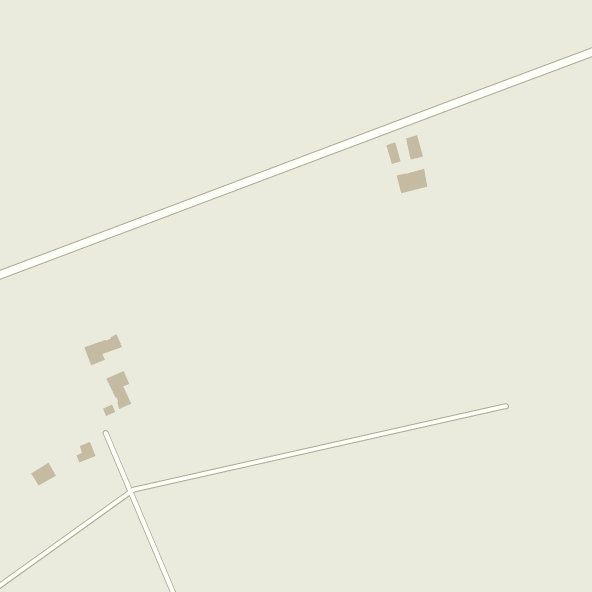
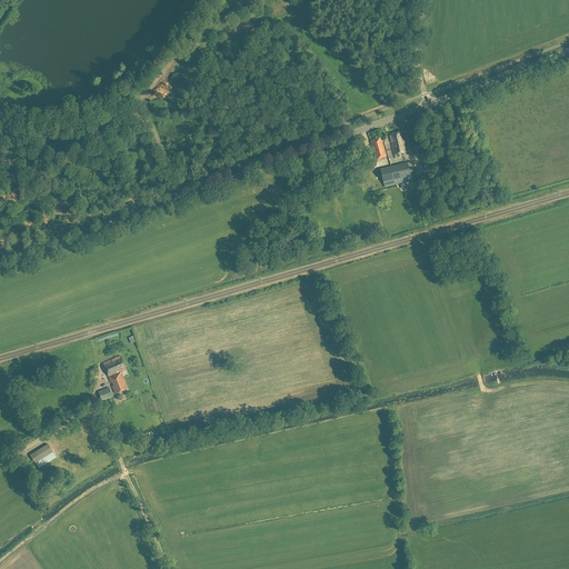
building: [83,333,123,366] -> none

